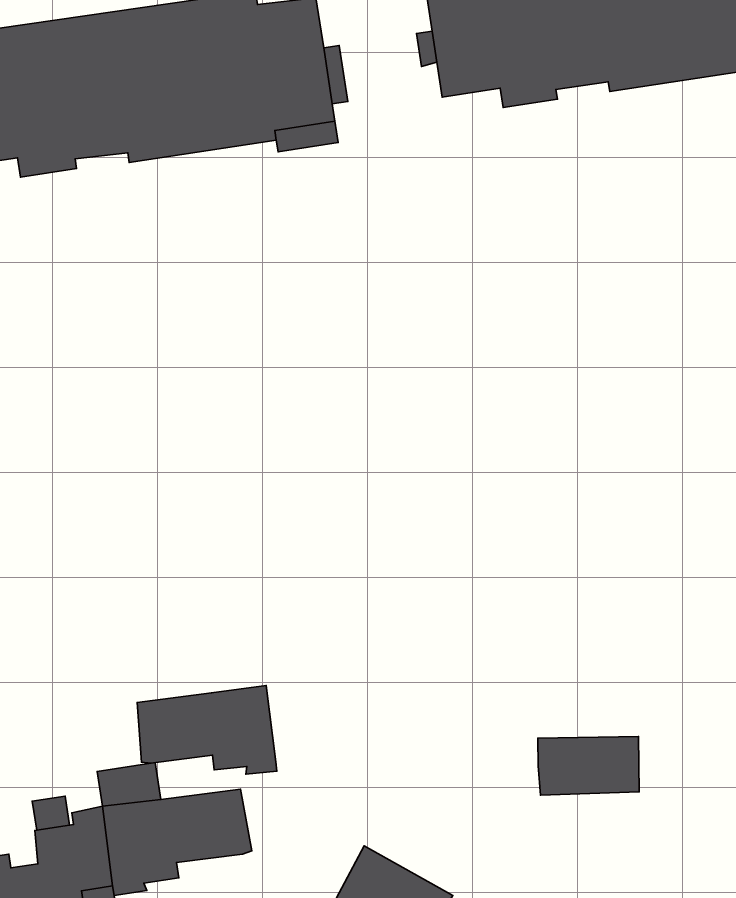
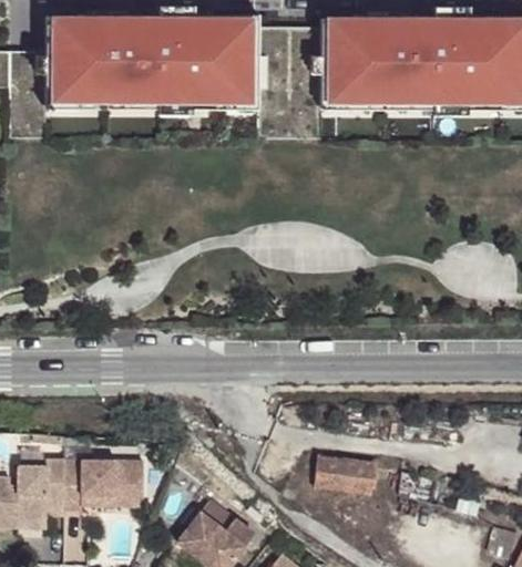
building: [137,686,277,774] -> none

